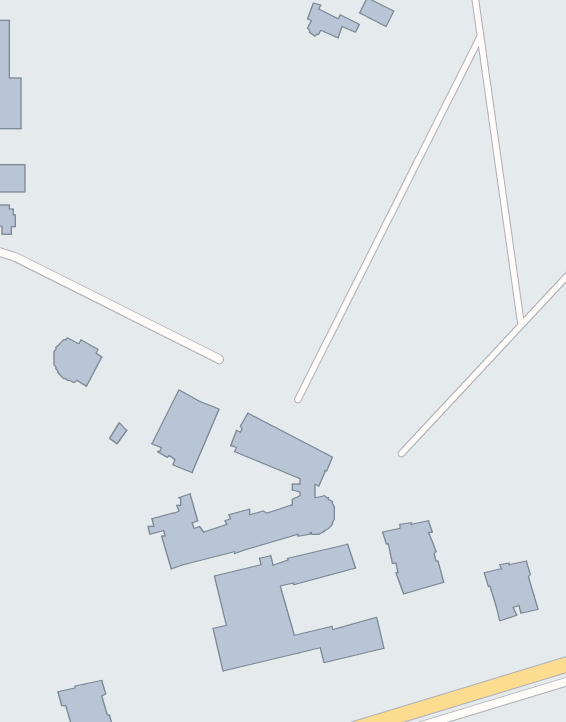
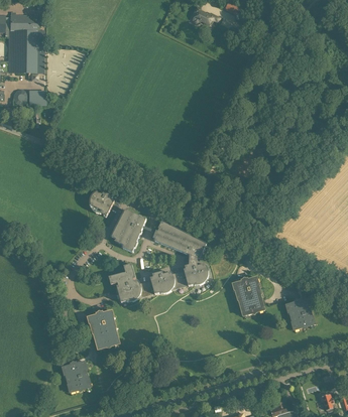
building: [54,338,102,386] -> [89,190,114,216]
building: [213,544,384,671] -> none
building: none -> [88,310,119,349]

